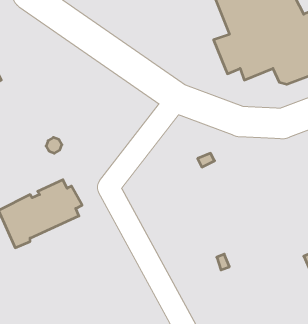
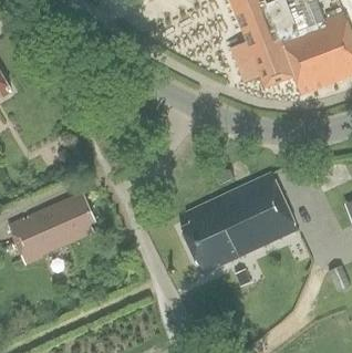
building: none -> [180,174,294,273]

